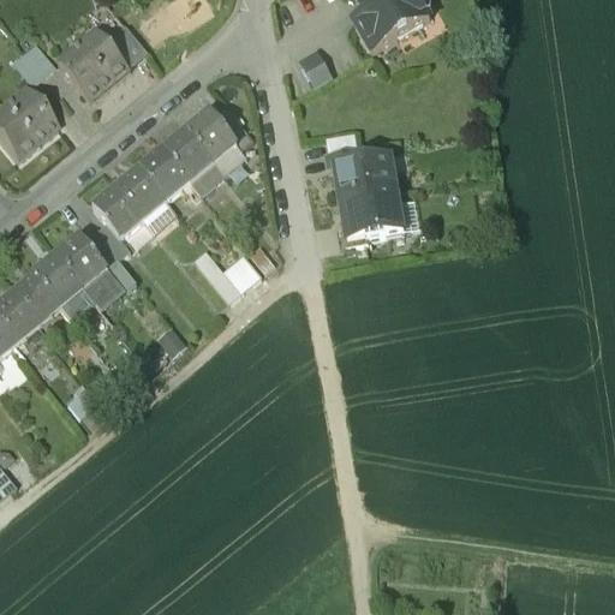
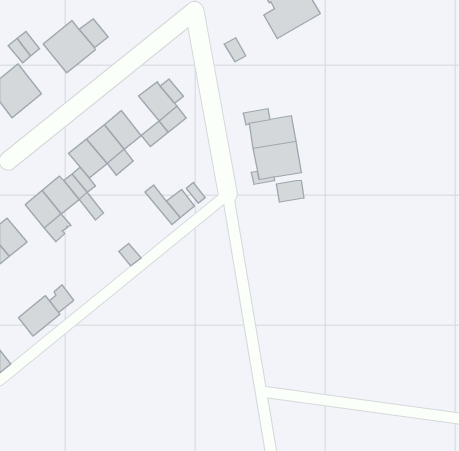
building: [162,129,213,181] -> none
building: none -> [276,180,304,202]
building: [82,267,127,312] -> none
building: [10,274,59,323] -> none
building: none -> [19,296,60,336]

